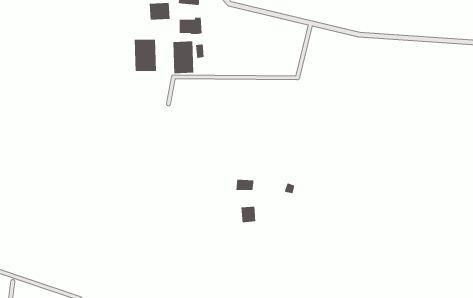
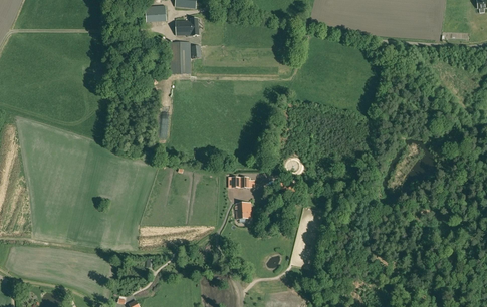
building: [134,39,157,72] -> none

